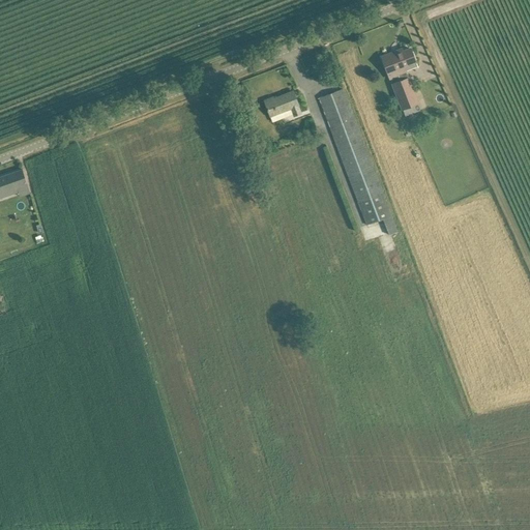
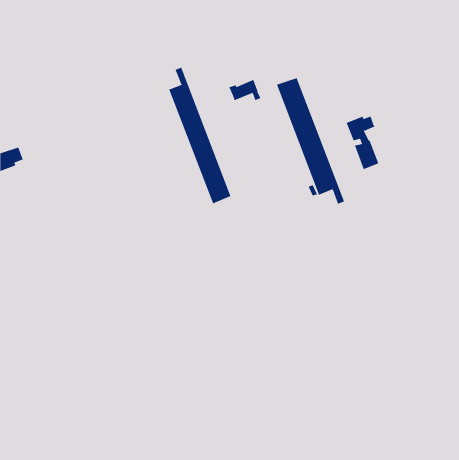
building: [381,49,419,111] -> [346,116,379,170]
building: none -> [168,67,231,204]

